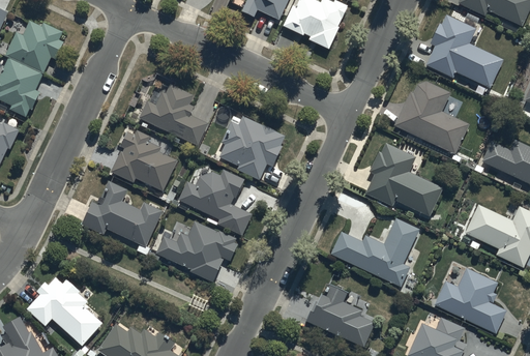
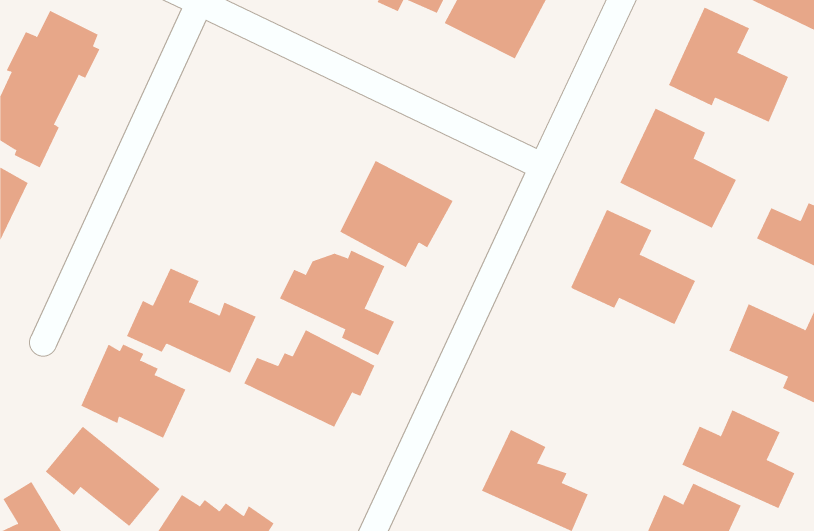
building: [138,84,208,146] -> none
building: [110,131,177,191] -> [81,344,186,438]
building: [329,217,419,288] -> none

